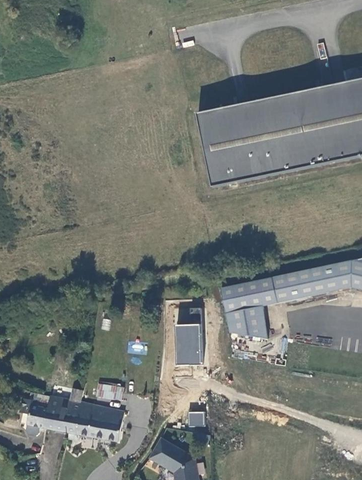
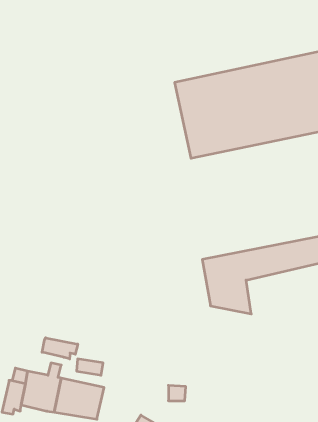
building: [174,305,203,363] -> none
building: none -> [42,338,78,359]

